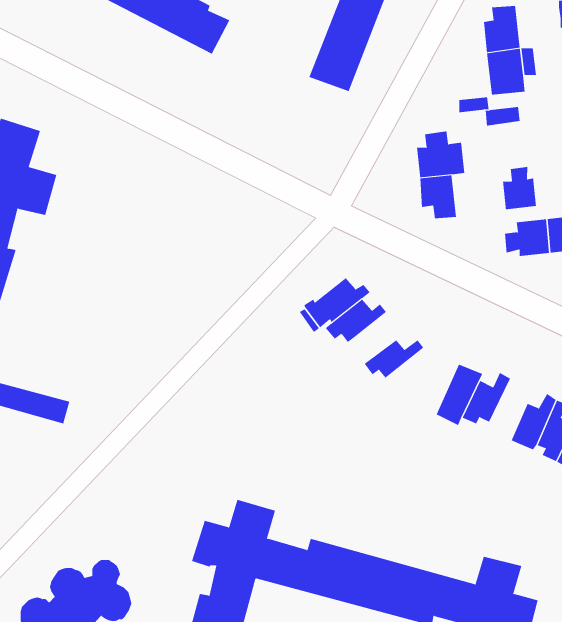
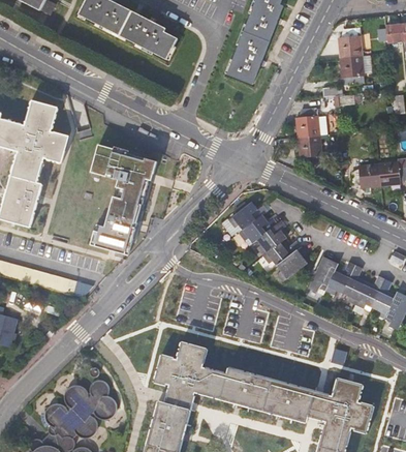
building: [502,166,536,210] -> none
building: none -> [93,146,159,250]
building: none -> [256,220,286,255]
building: none -> [276,245,307,281]
building: none -> [342,265,366,304]

